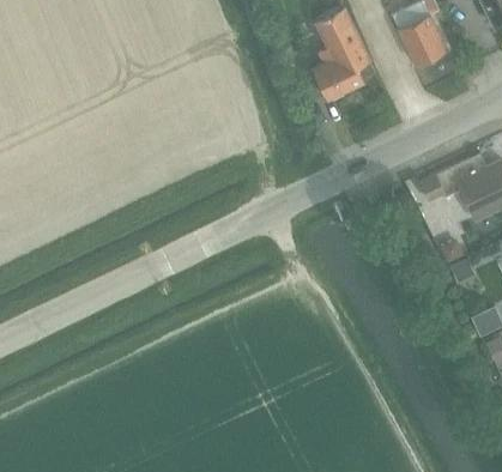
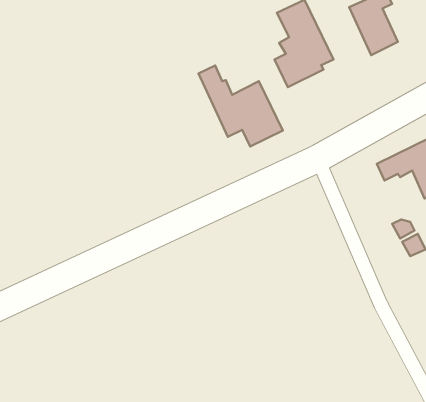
building: none -> [199,66,283,146]

